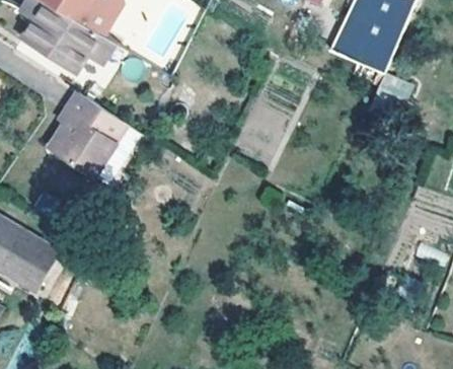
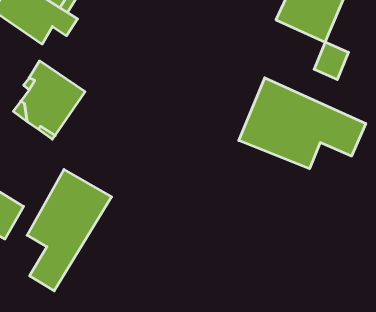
building: none -> [239,78,366,169]
building: none -> [27,169,112,291]

